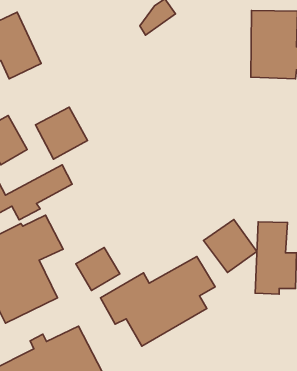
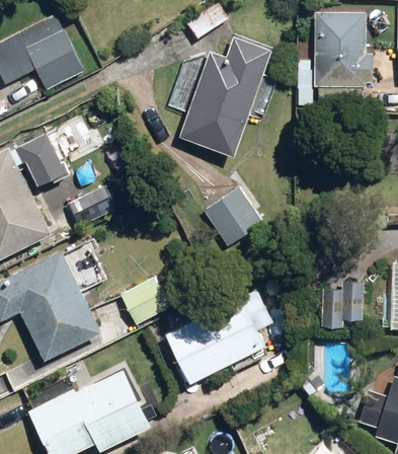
building: none -> [179,39,277,159]
building: [36,107,88,159] -> none
building: [204,219,257,272] -> [204,190,262,248]

